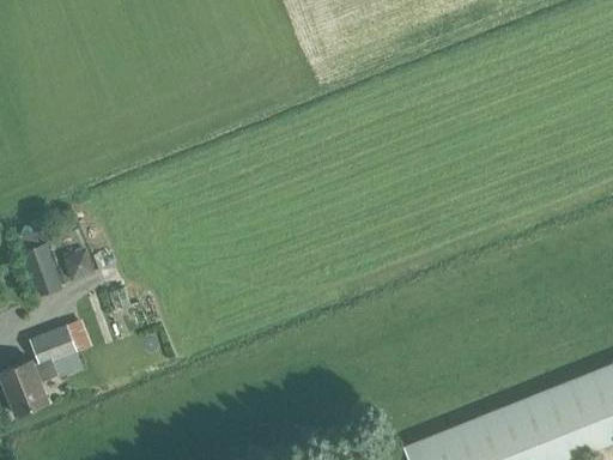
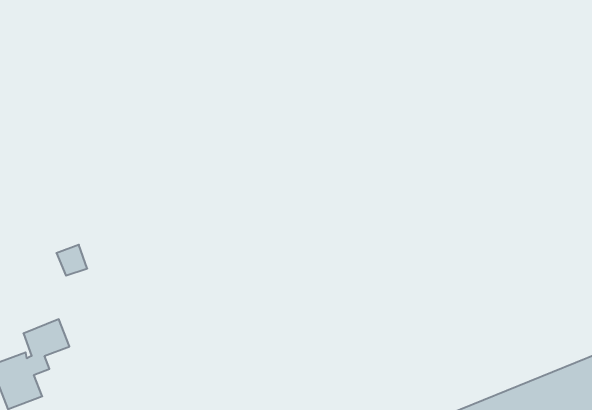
building: [22,246,62,299] -> none

